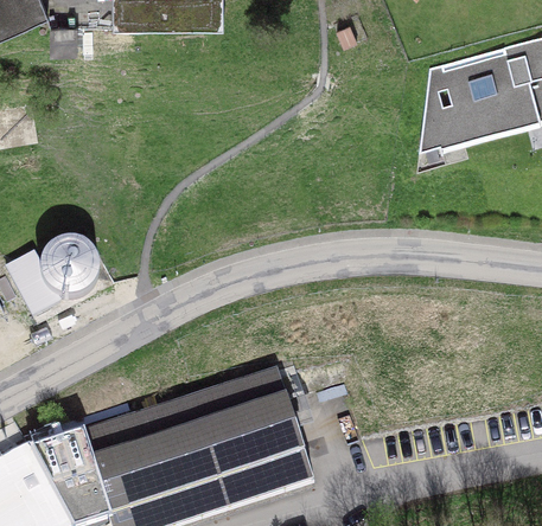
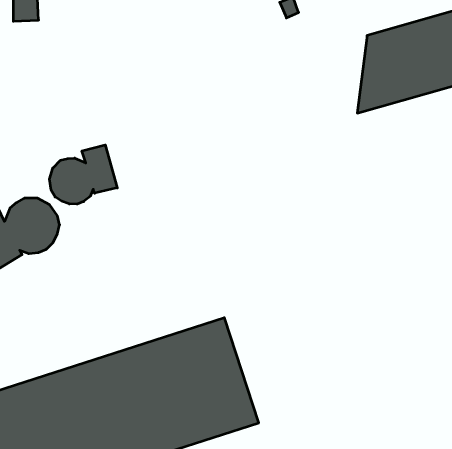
building: none -> [49,145,117,204]

